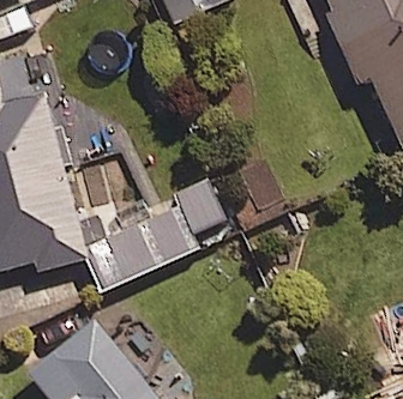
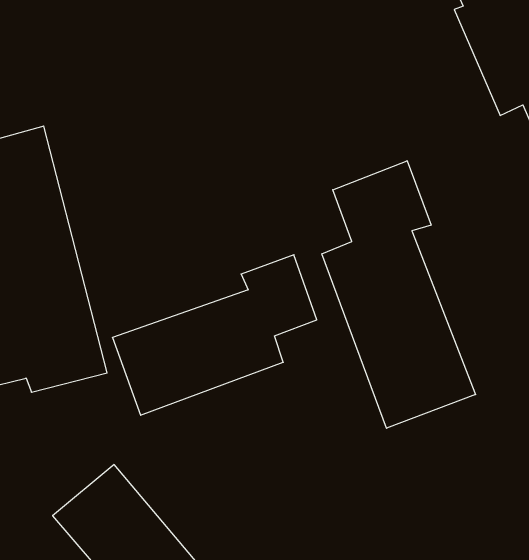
building: none -> [322,161,476,428]

